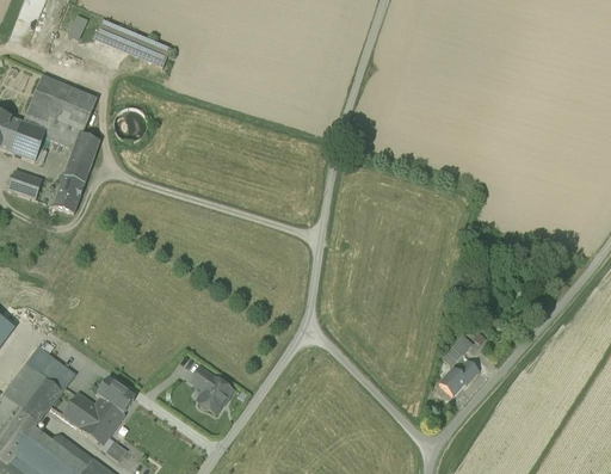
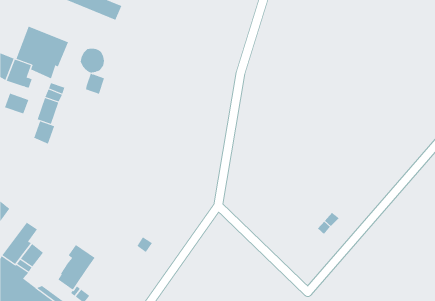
building: [72,131,99,161] -> [85,73,105,95]
building: none -> [33,121,55,145]
building: [42,358,74,390] -> none
building: [439,359,479,395] -> none
building: [197,377,232,412] -> none
building: [63,393,94,427] -> none

